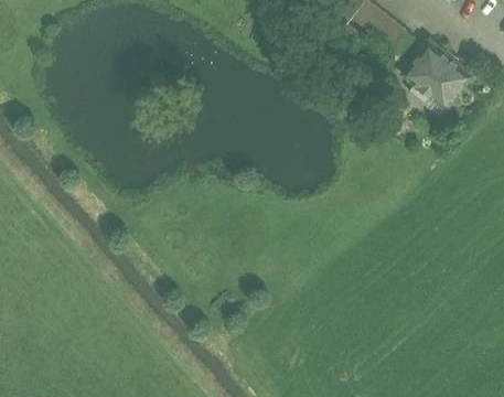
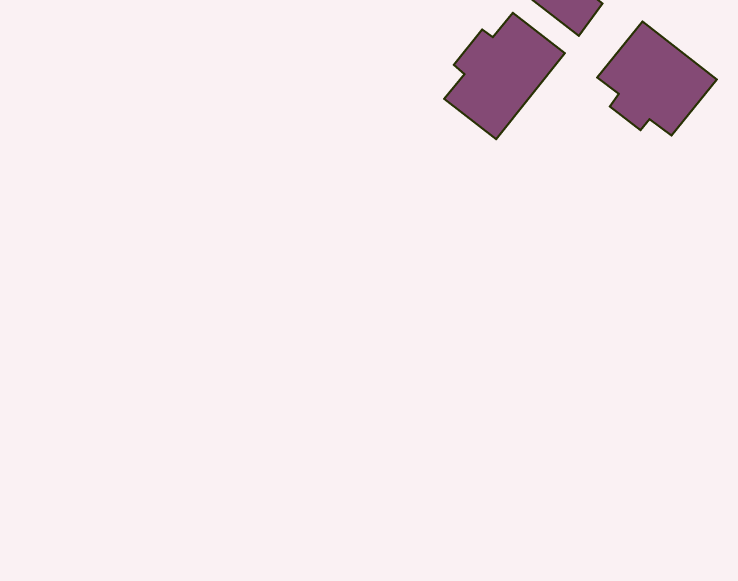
building: none -> [444,13,565,139]

